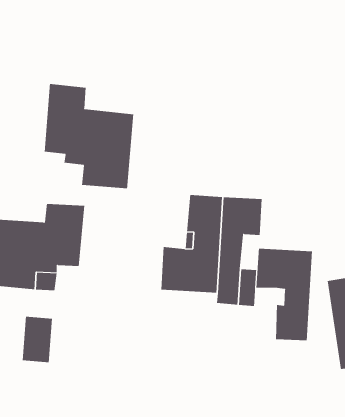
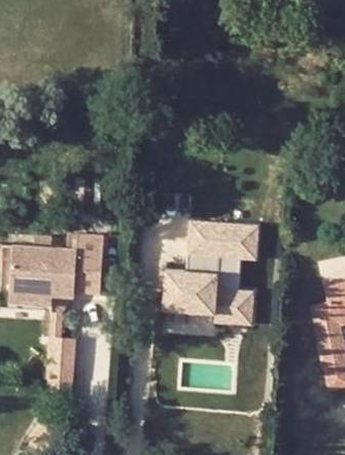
building: [44,83,134,189] -> none
building: [256,248,313,341] -> none

